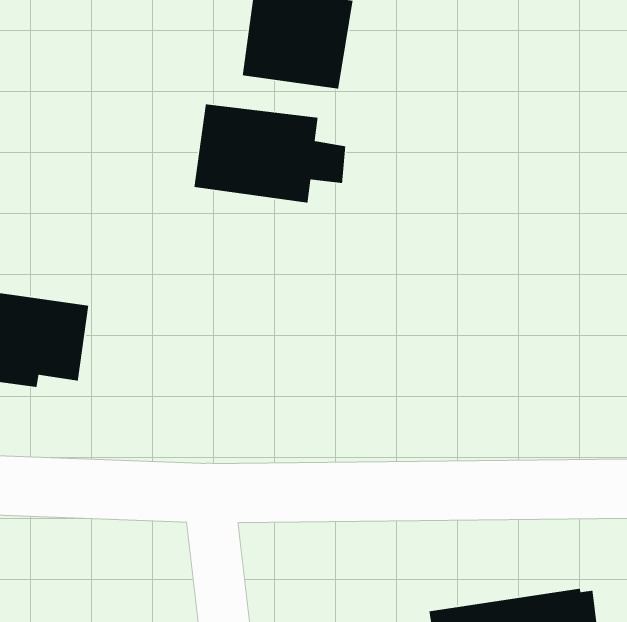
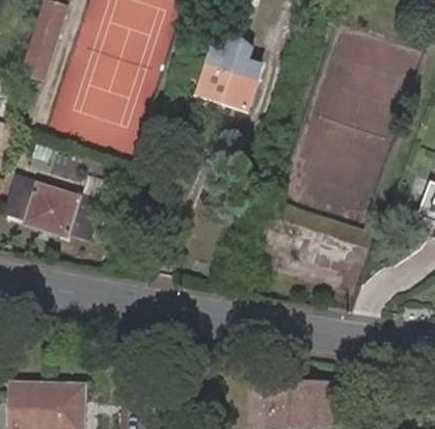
building: [194,104,346,204] -> none

